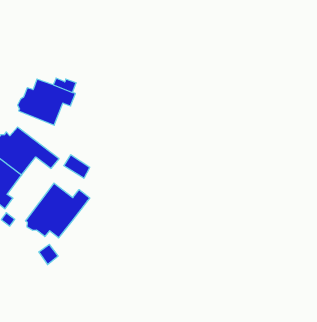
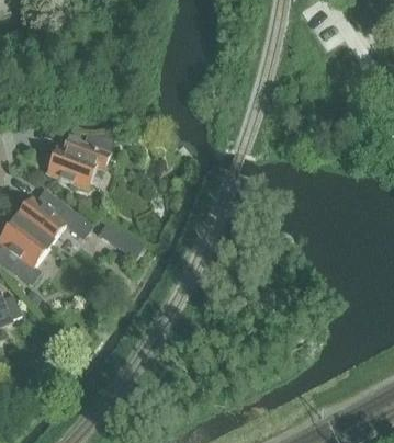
building: [26,183,90,238] -> none

